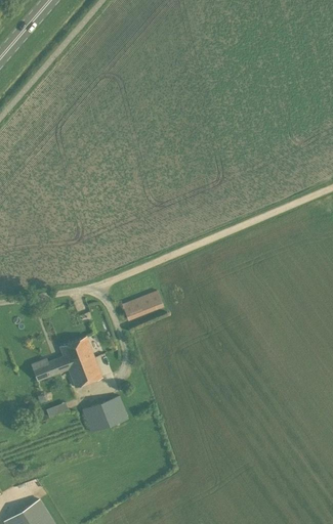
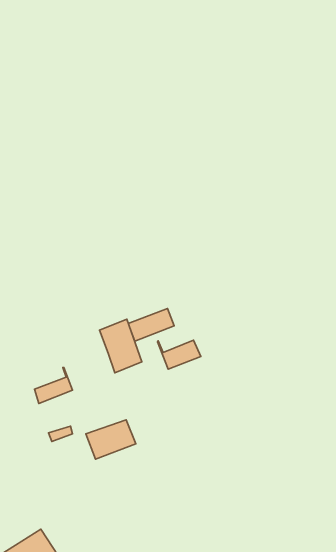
building: none -> [157,340,201,369]
building: [60,337,100,387] -> [99,319,142,373]

